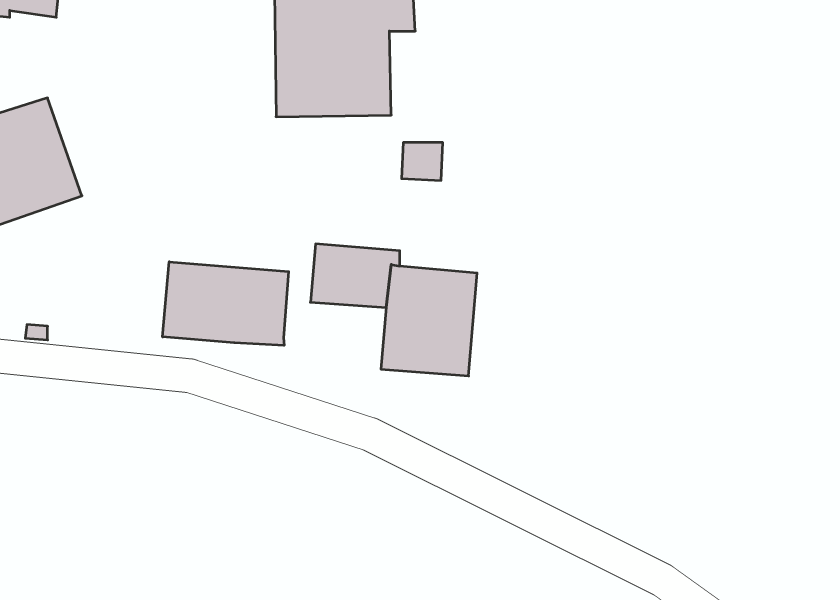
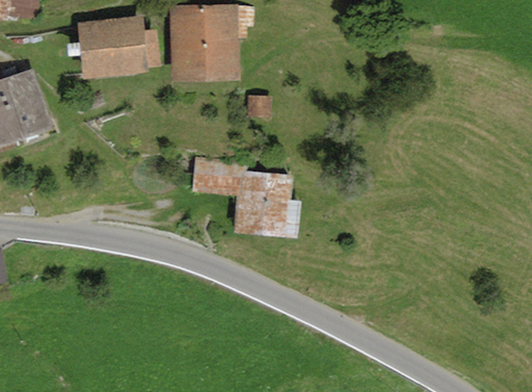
building: none -> [75,16,159,80]
building: [163,262,289,345] -> none

